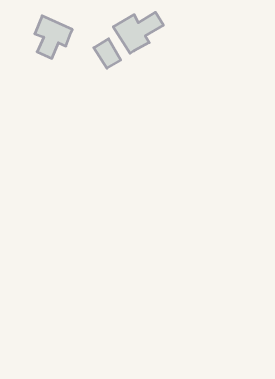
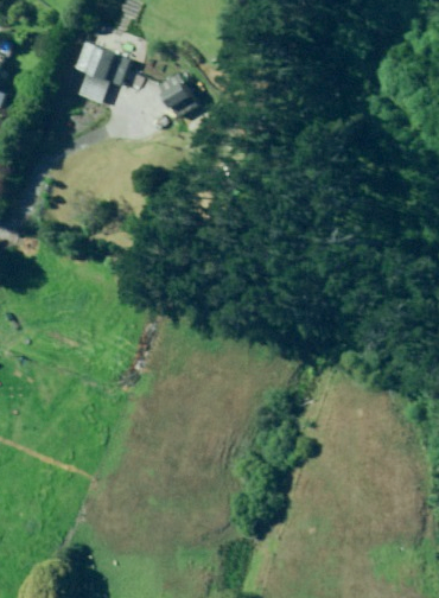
building: [113,12,163,53] -> none

